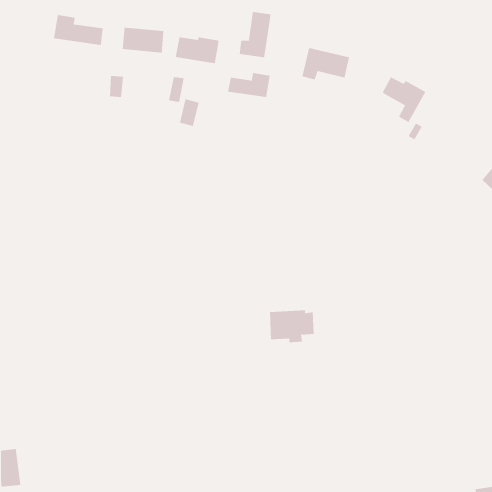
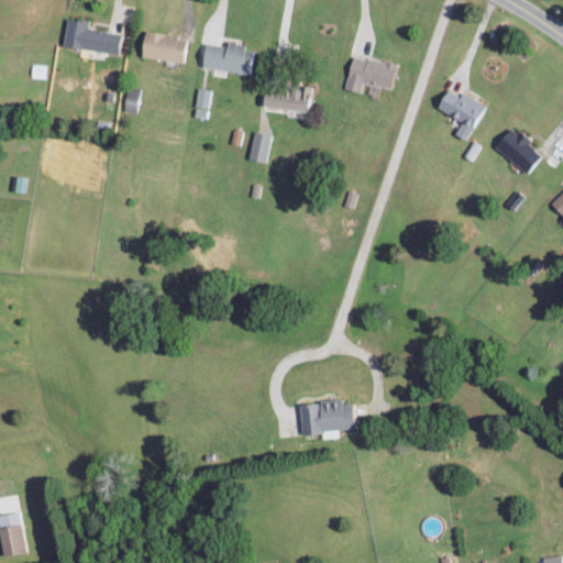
building: [239,11,271,58] -> none
building: [179,99,199,127] -> [250,132,273,164]
building: none -> [494,130,543,172]
building: [269,310,314,343] -> [300,401,352,439]

